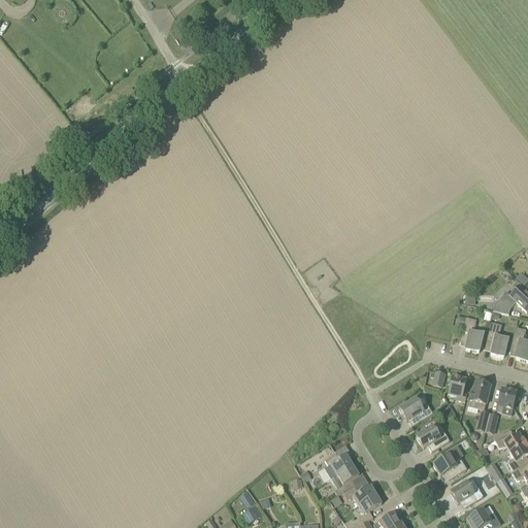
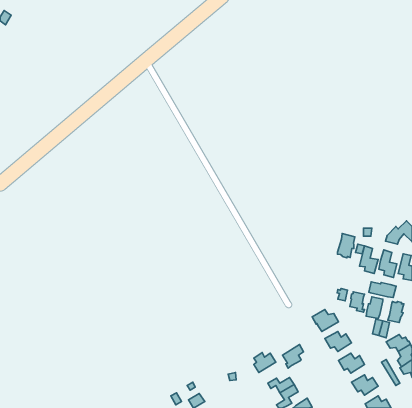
building: none -> [338,233,355,258]
building: none -> [369,282,396,297]
building: [331,463,358,493] -> [283,345,304,368]

